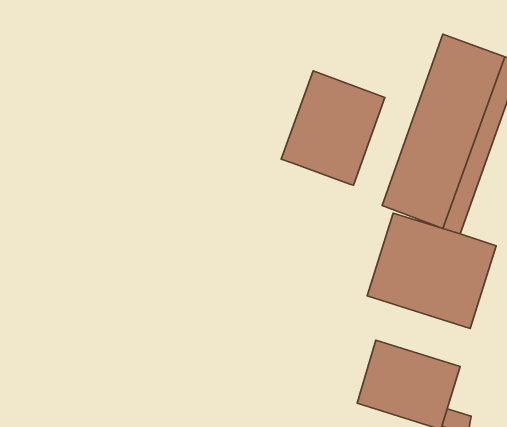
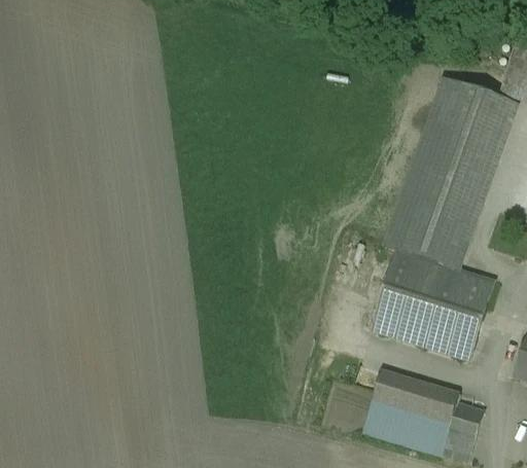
building: [281,71,385,185] -> none
building: none -> [448,403,483,442]

